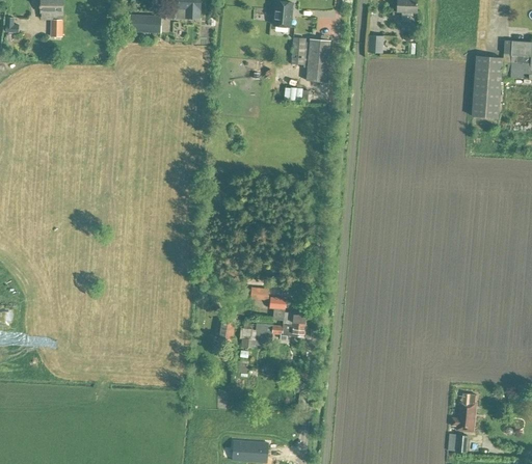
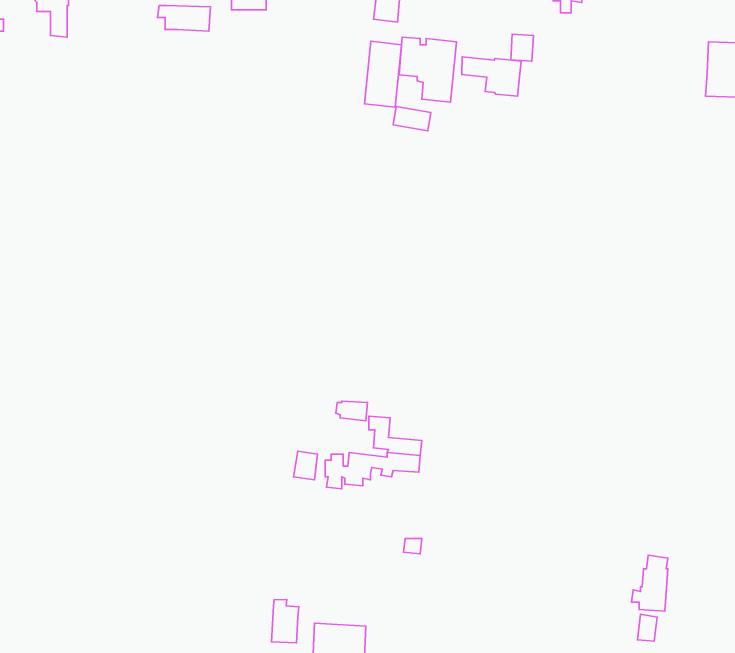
building: none -> [365,41,402,107]
building: none -> [462,57,521,96]
building: [472,56,502,117] -> none
building: none -> [271,600,299,643]

